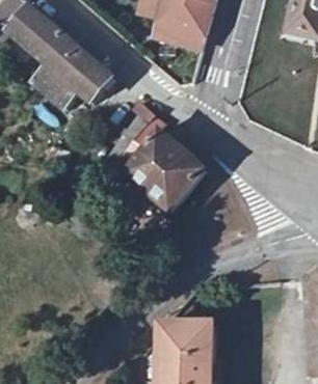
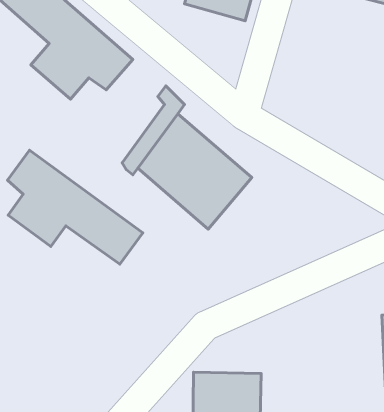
building: none -> [8,150,143,264]

